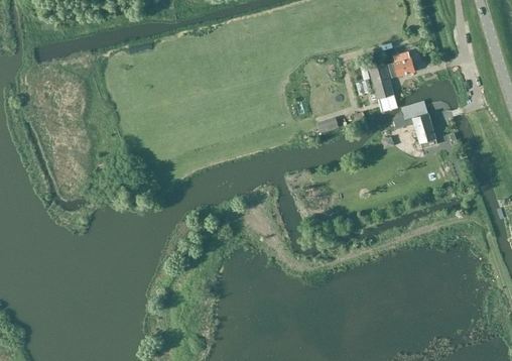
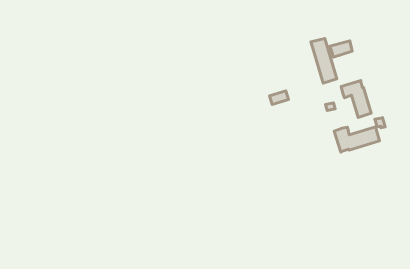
building: none -> [334,127,379,152]

